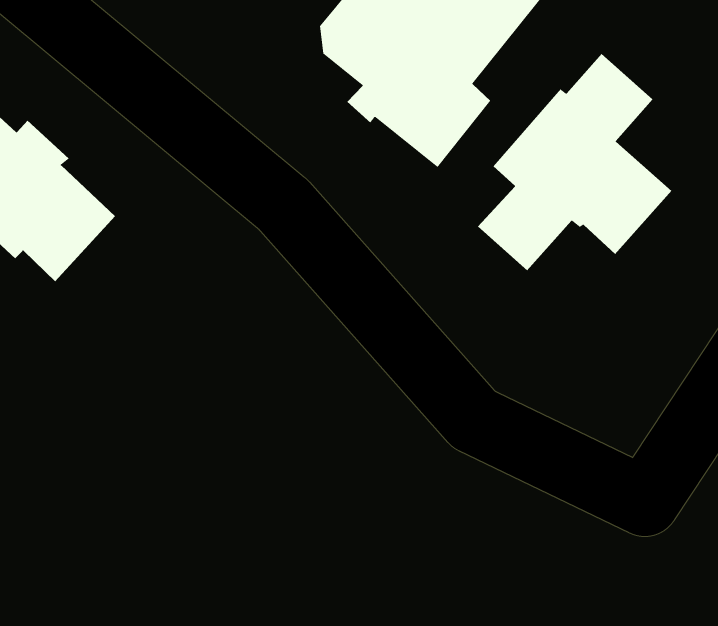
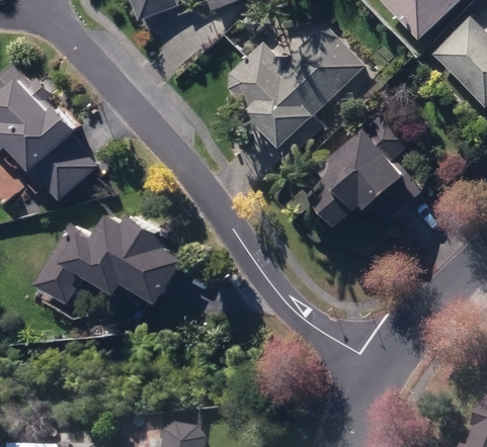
building: none -> [32,213,181,304]

